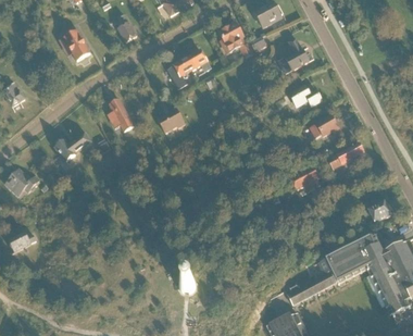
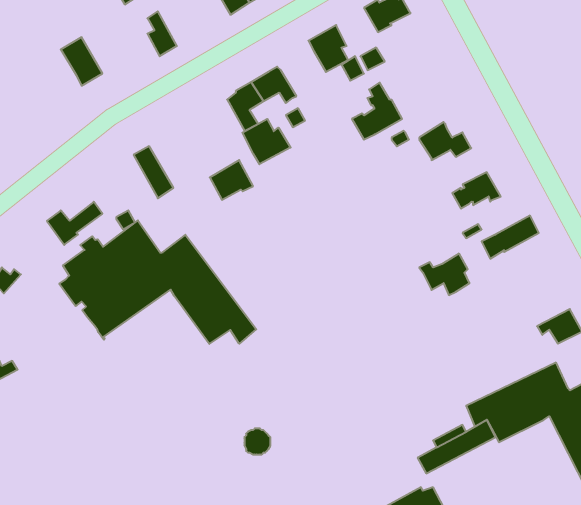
building: [277,37,309,73] -> [352,83,402,140]
building: none -> [242,119,291,164]
building: none -> [59,220,256,344]

